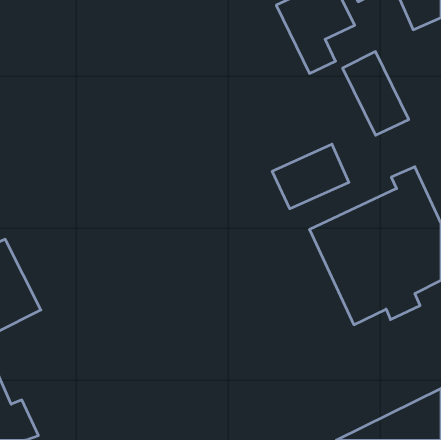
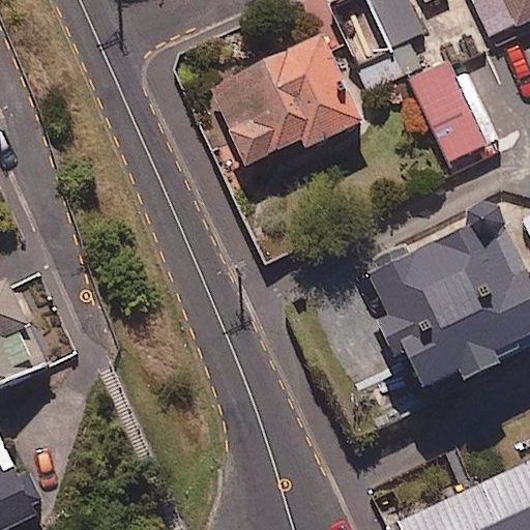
building: none -> [213,43,362,171]
building: [272,144,349,209] -> none

